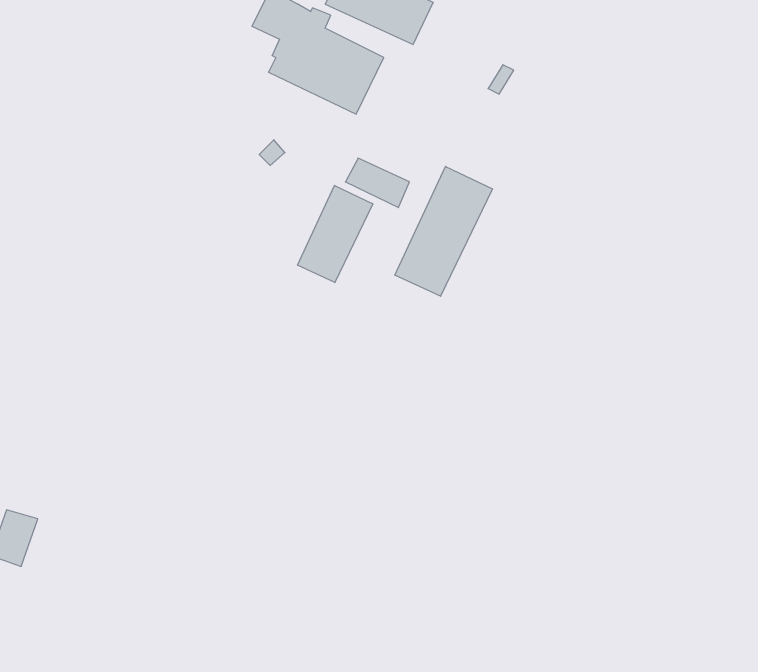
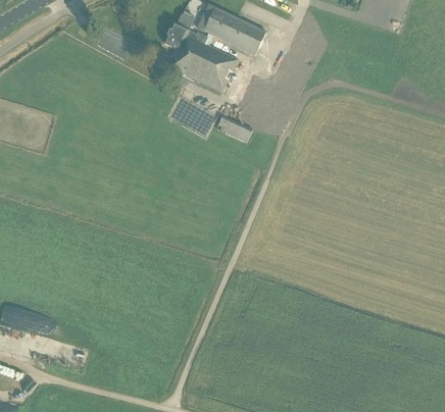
building: [395,166,492,296] -> none
building: [298,185,373,283] -> none

